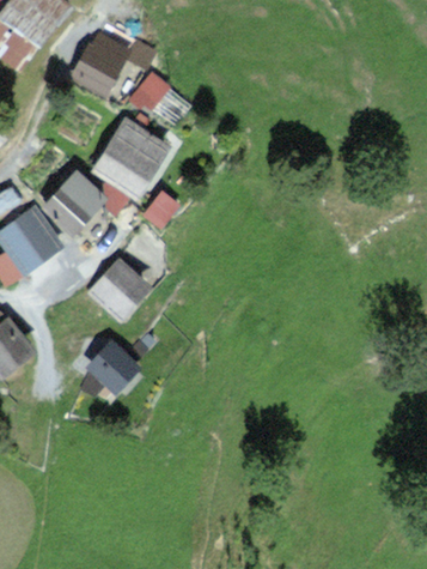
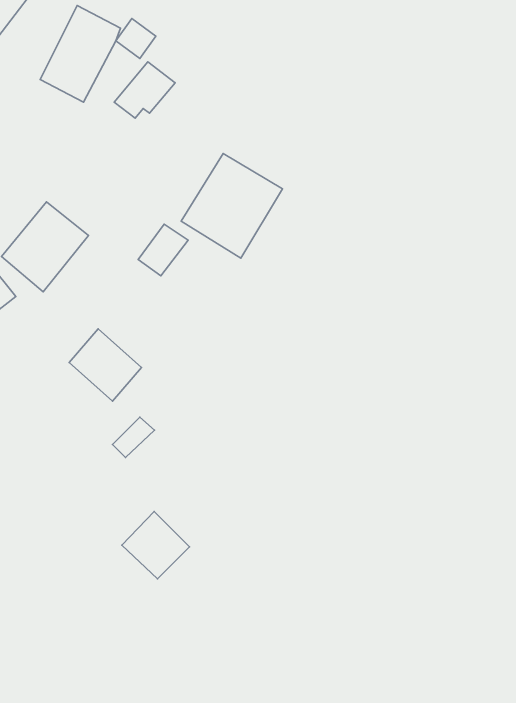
building: [94,121,170,199] -> [181,153,283,258]
building: [87,341,138,392] -> [122,511,190,579]

